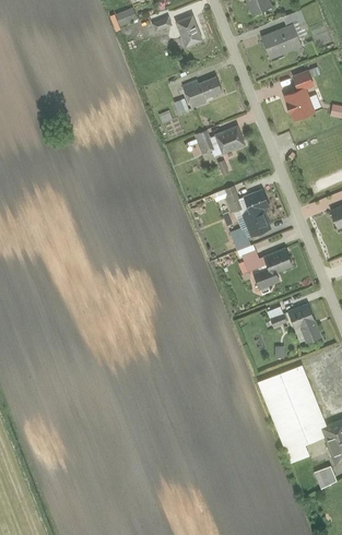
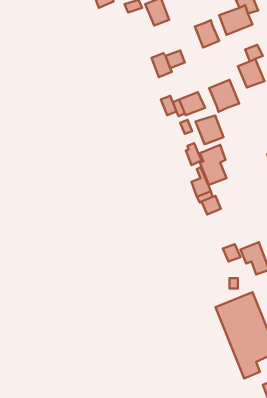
building: none -> [195,20,219,47]
building: none -> [209,80,239,112]
building: none -> [196,115,223,144]
building: [253,246,293,288] -> none

